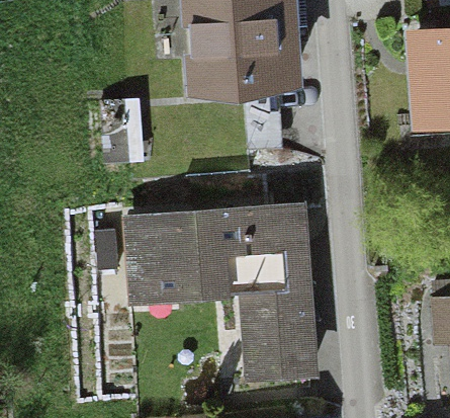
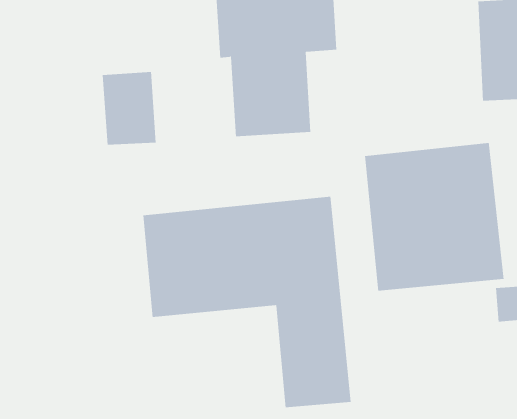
building: none -> [365,142,504,291]

